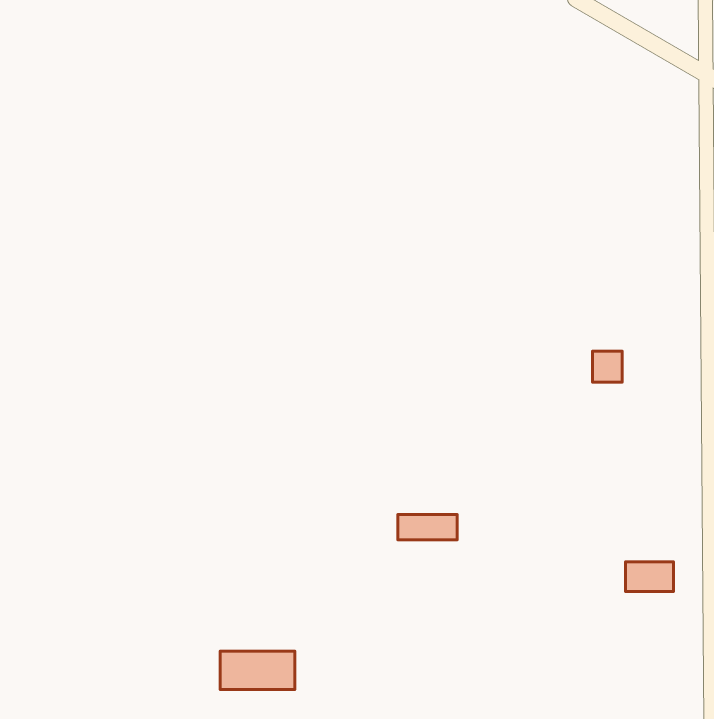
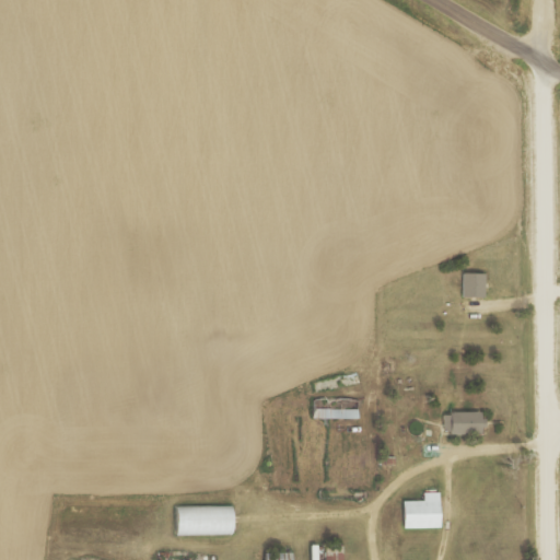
building: [625,562,673,592] -> [445,411,482,434]
building: none -> [404,492,442,528]

